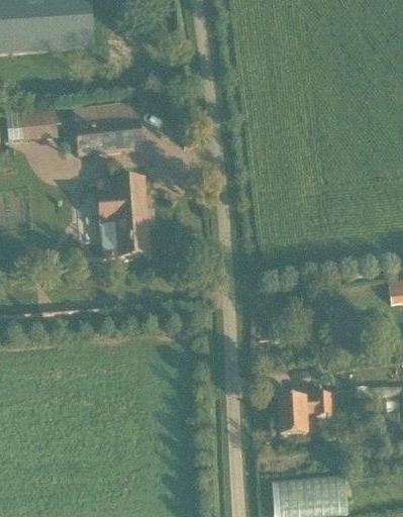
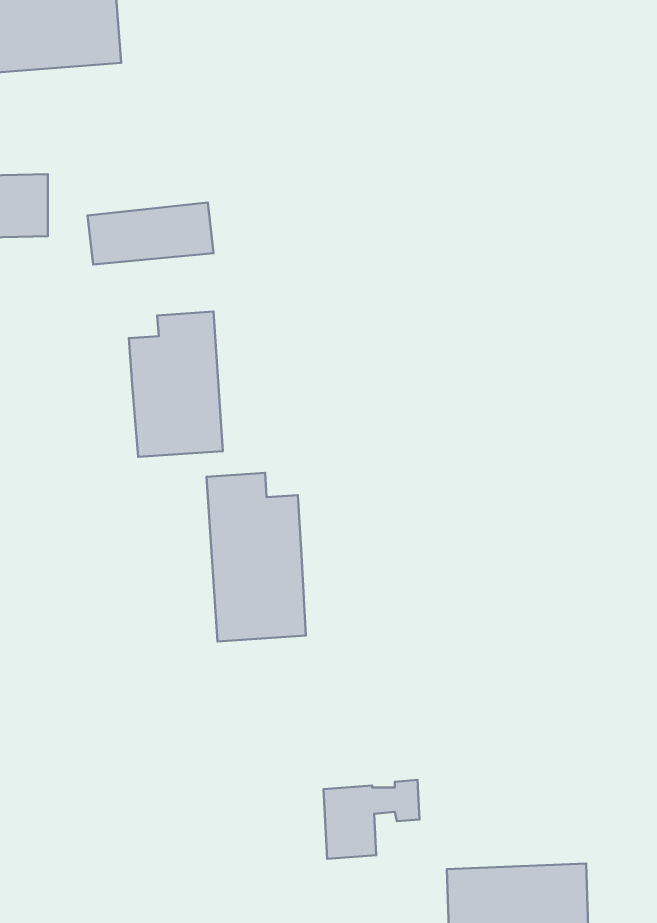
building: none -> [206,473,306,642]
building: [280,393,331,435] -> [323,780,419,859]

